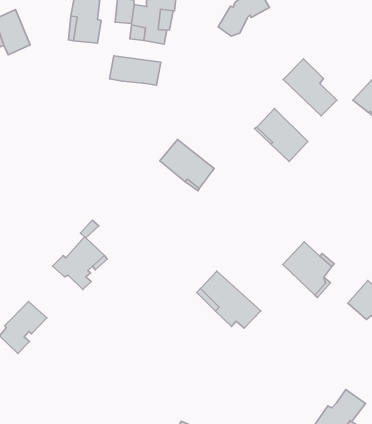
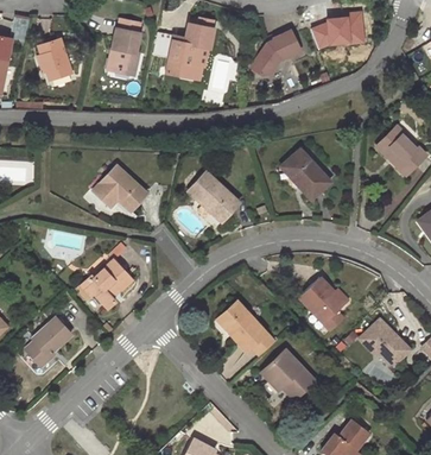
building: [110,56,161,85] -> none
building: [283,59,337,116] -> none
building: none -> [94,166,147,210]
building: none -> [260,349,315,400]

